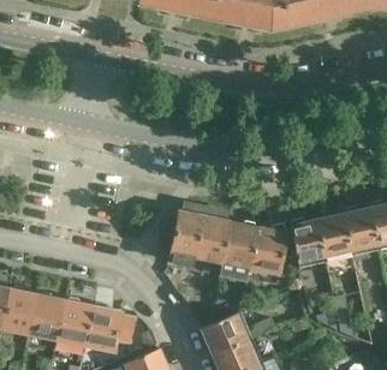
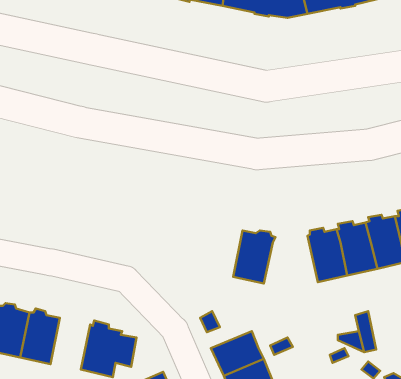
building: [160,207,230,267] -> none
building: [249,222,287,275] -> none
building: [55,298,91,347] -> none

